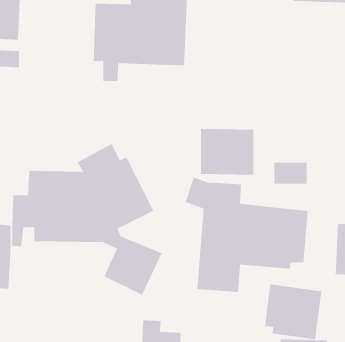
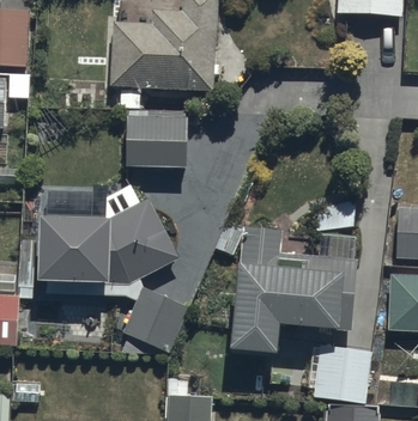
building: [200,129,254,175] -> [126,115,187,167]

